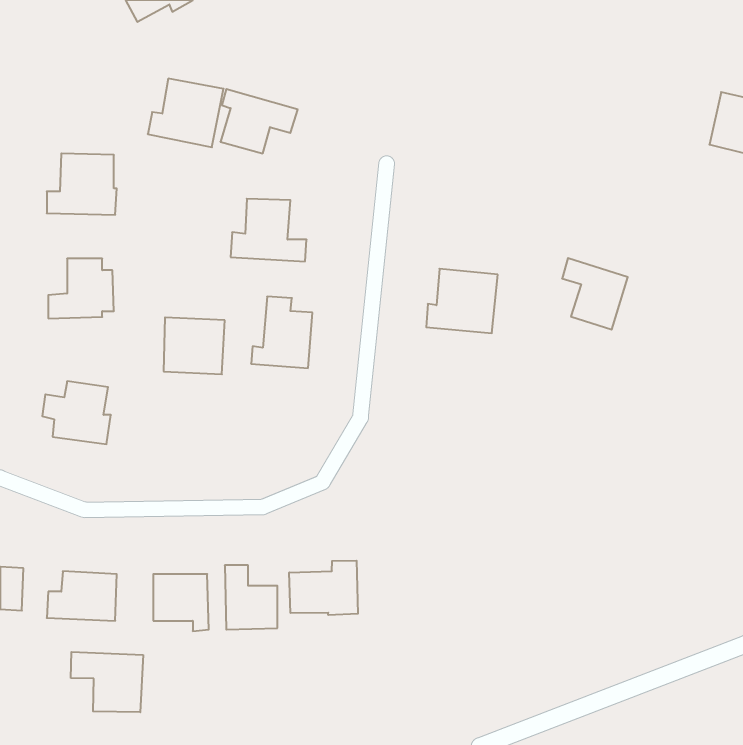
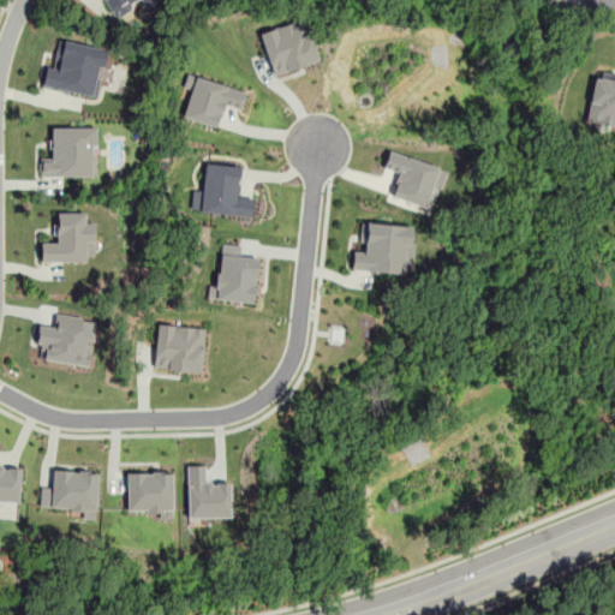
building: none -> [263,20,318,74]
building: [148,79,224,147] -> [43,41,106,97]
building: [562,258,628,330] -> [384,151,438,210]
building: [164,317,225,374] -> [156,326,207,372]
building: [289,561,358,615] -> none
building: [71,652,143,712] -> none

